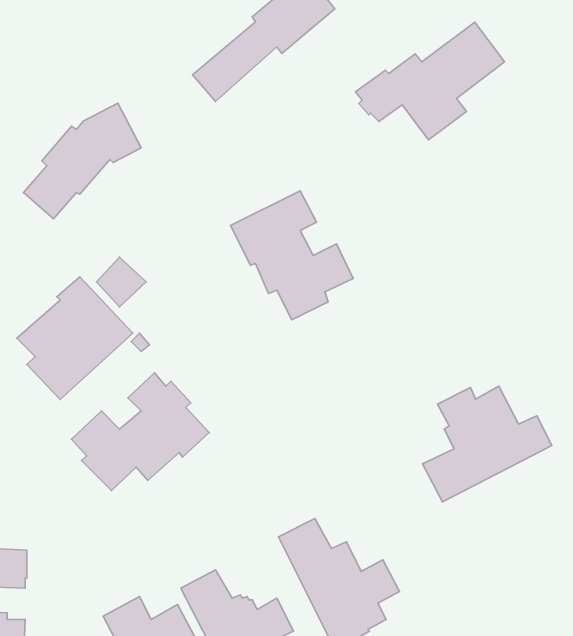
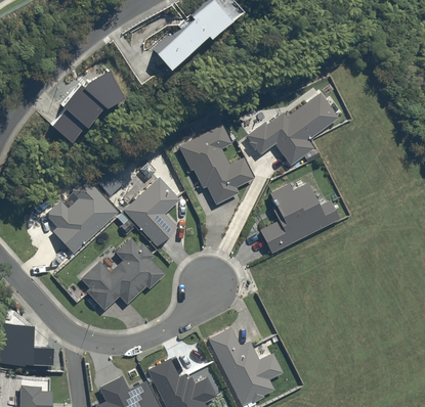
building: [356,22,505,140] -> [246,93,338,166]
building: none -> [119,162,180,245]
building: [423,386,552,502] -> [259,182,339,254]

